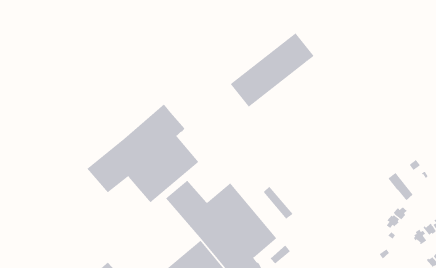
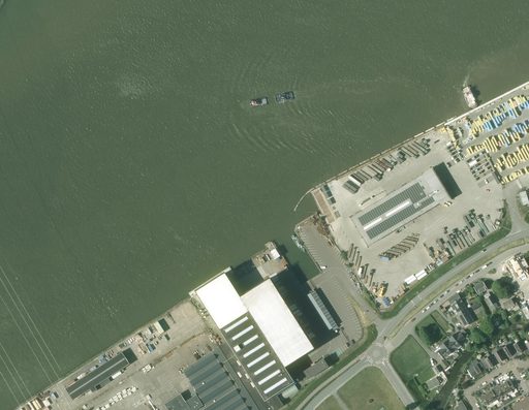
building: [230,32,315,108] -> [350,169,449,247]
building: [87,103,199,203] -> none

